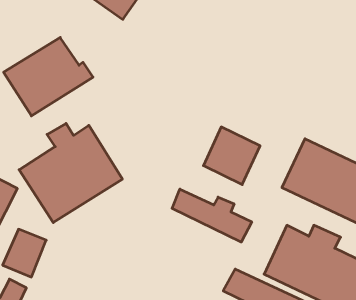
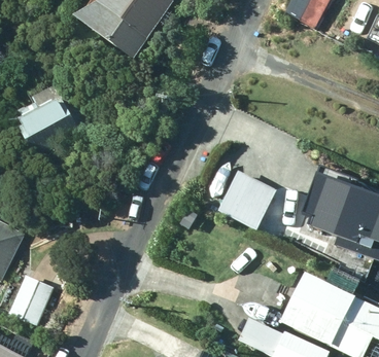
building: [19,123,122,223] -> none
building: [172,189,252,242] -> none

